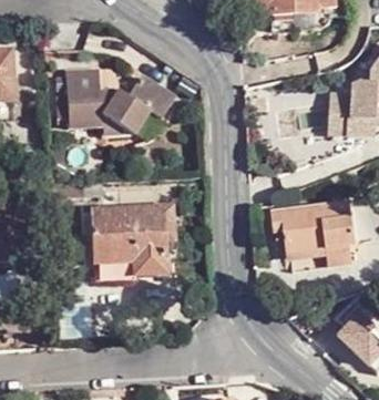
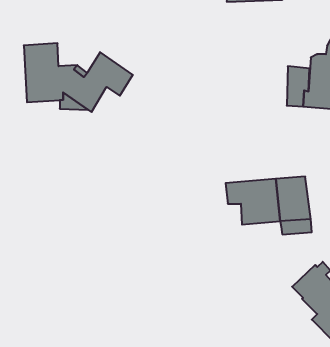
building: [92,205,174,275] -> none

